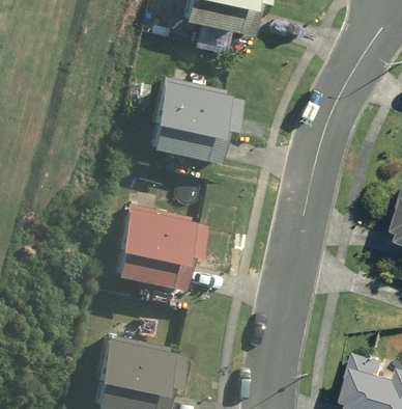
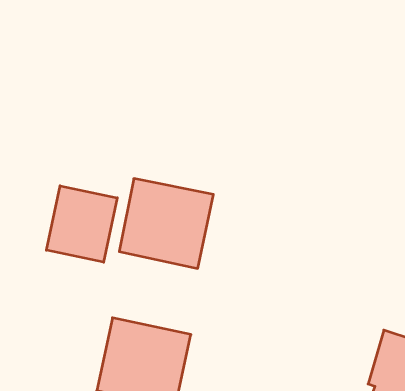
building: [149,82,235,165] -> none
building: none -> [46,186,117,262]

